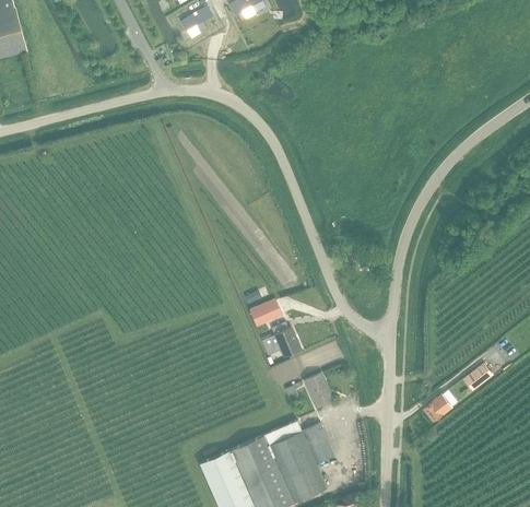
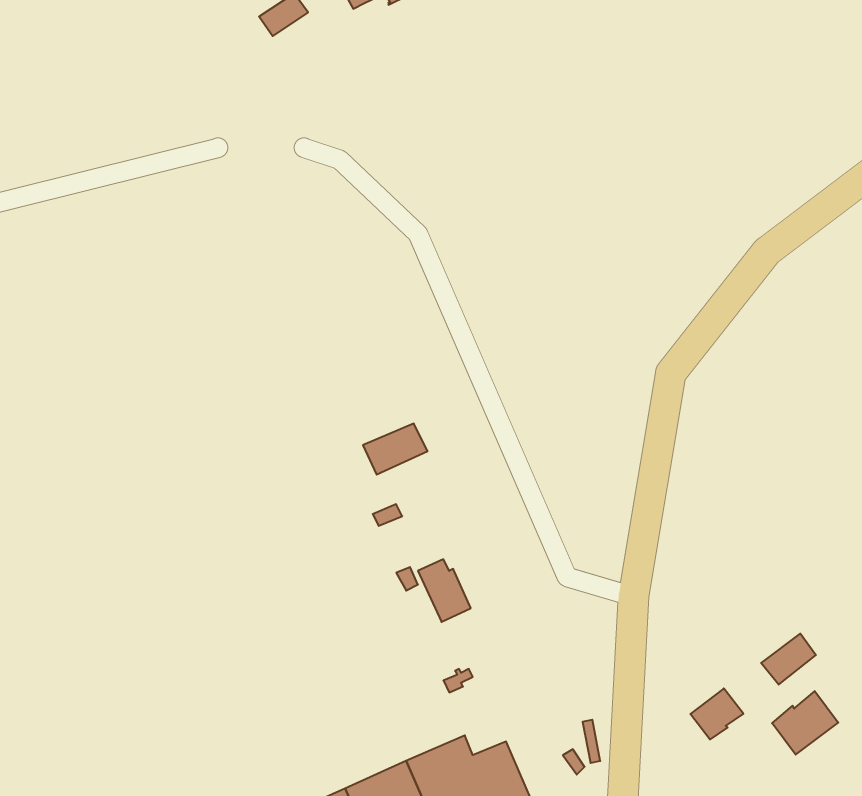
building: [251,298,287,327] -> [363,424,428,475]
building: [304,373,331,408] -> none
building: none -> [772,691,838,755]

